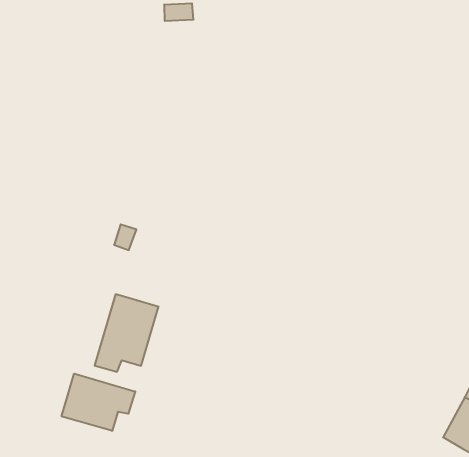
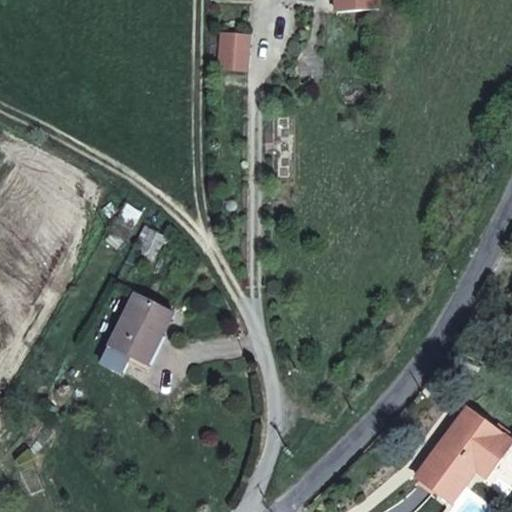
building: [62,374,135,431] -> none

